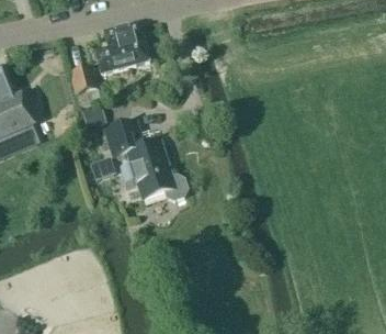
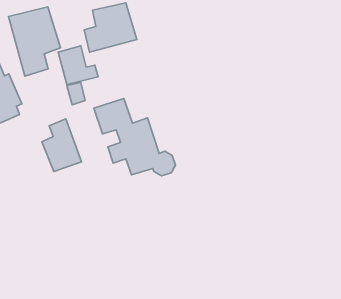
building: none -> [8,7,61,76]
building: none -> [42,119,82,171]

